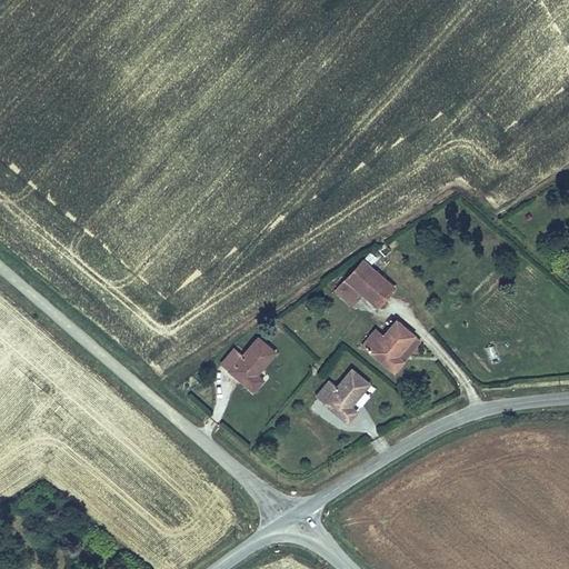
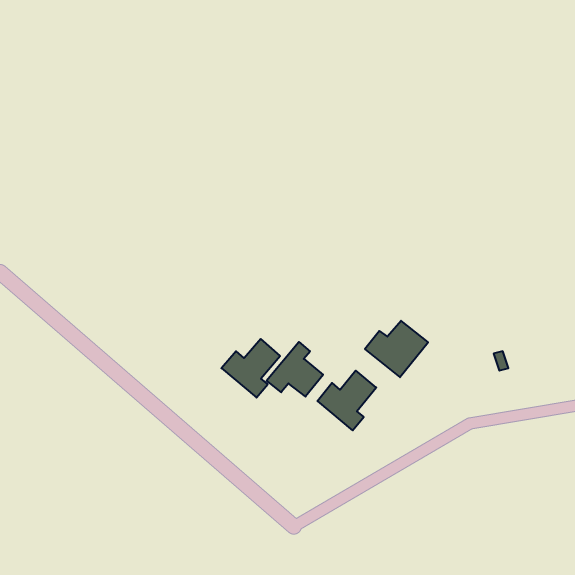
building: [333,258,397,309] -> none
building: none -> [267,342,323,397]

